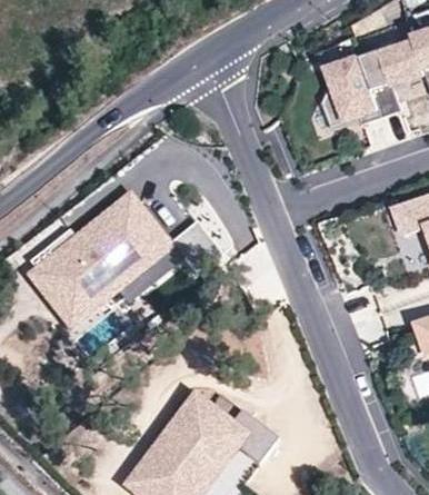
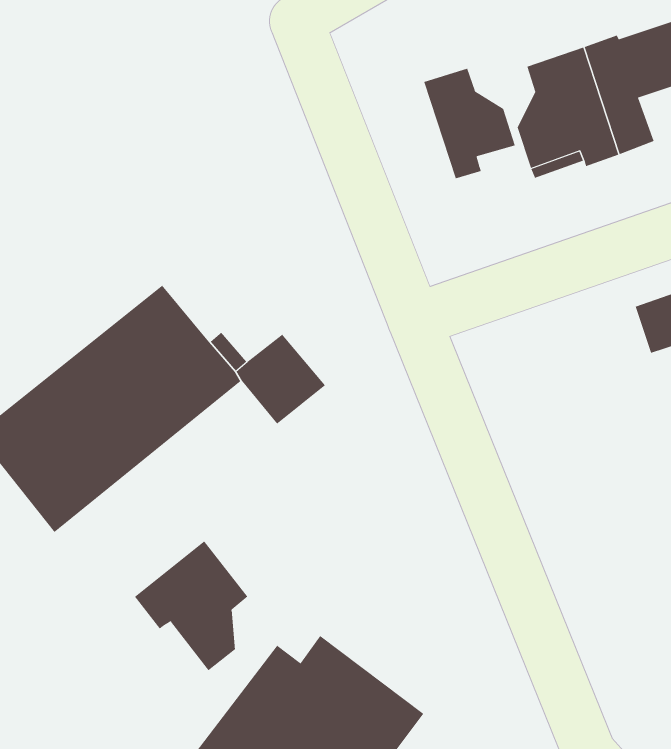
building: none -> [423,68,516,179]
building: none -> [134,540,248,671]

